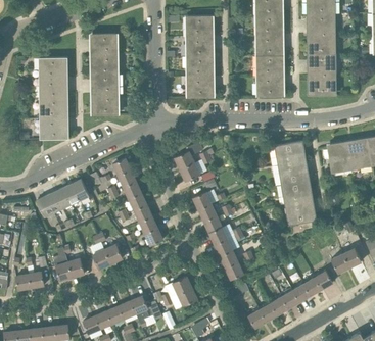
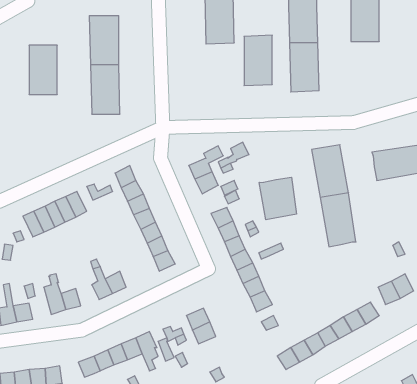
building: [310,54,334,95] -> none
building: [189,55,213,97] -> [244,35,272,86]
building: [42,98,66,139] -> none
building: none -> [259,177,296,220]

